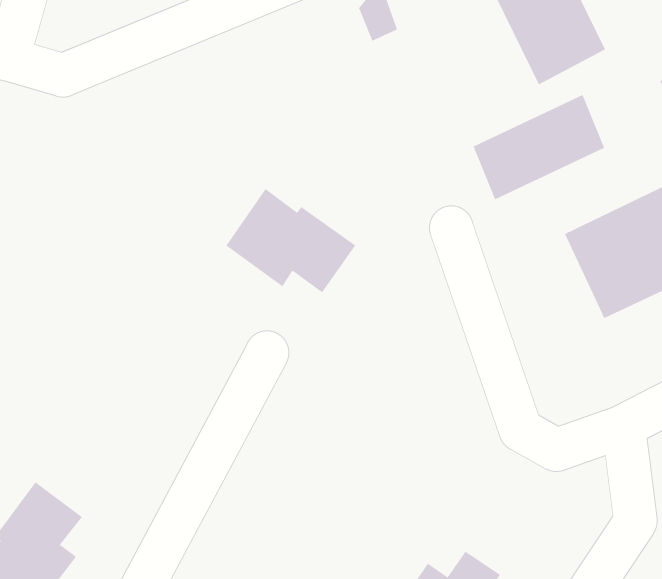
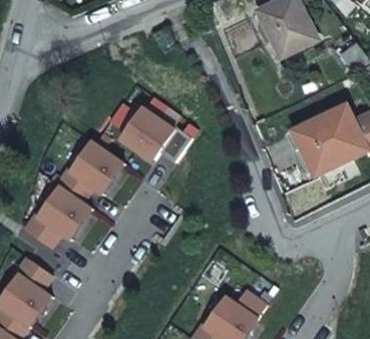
building: [473,94,605,200] -> none
building: none -> [24,140,120,246]

